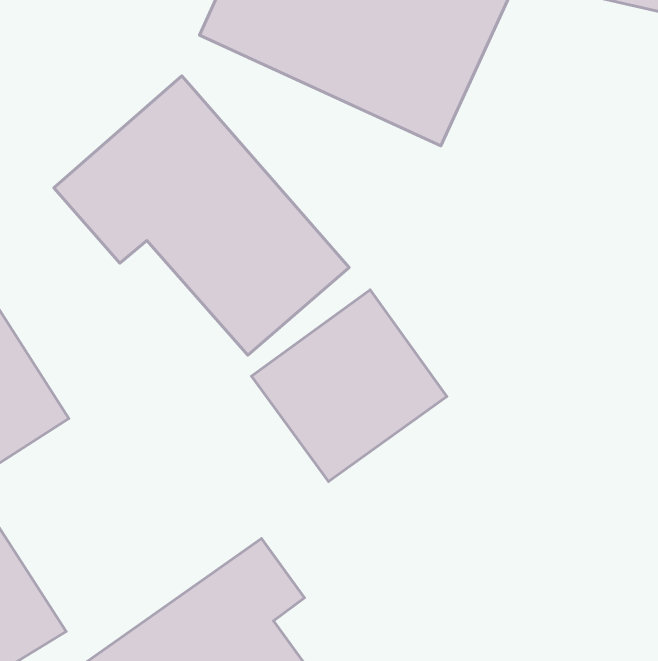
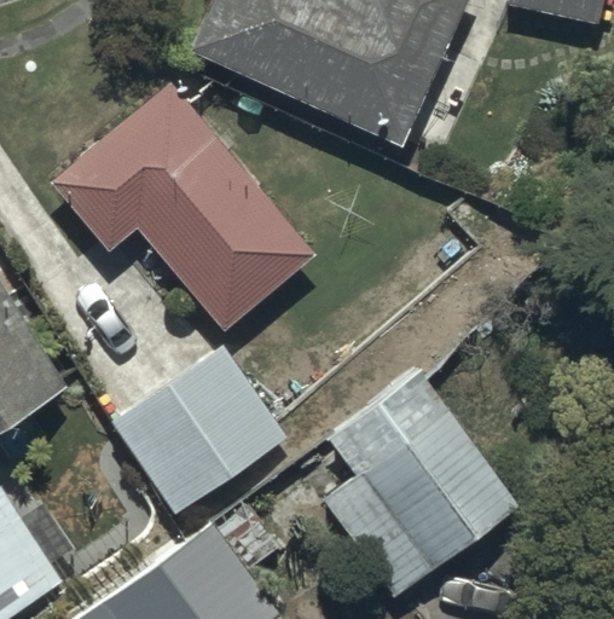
building: [252,290,447,481] -> [109,343,284,515]
building: none -> [322,371,520,598]

